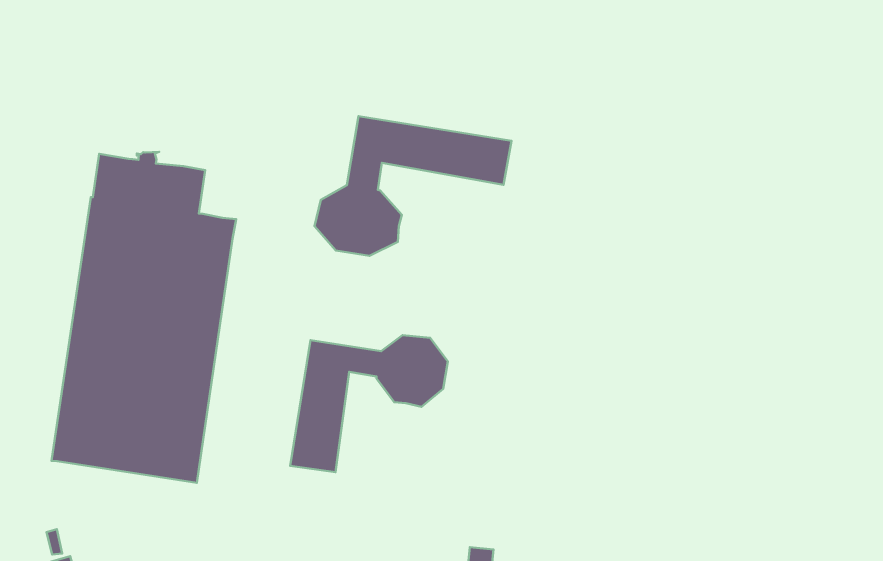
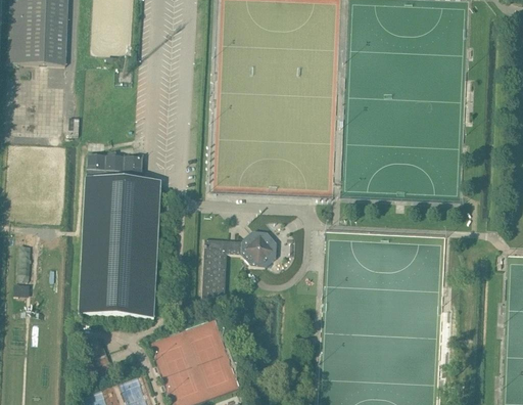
building: [314,116,512,256] -> none

